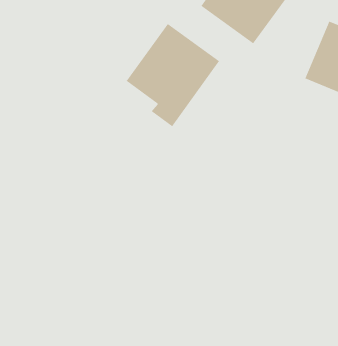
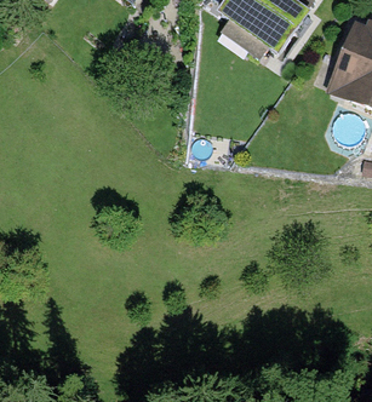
building: [126,23,220,127] -> none

